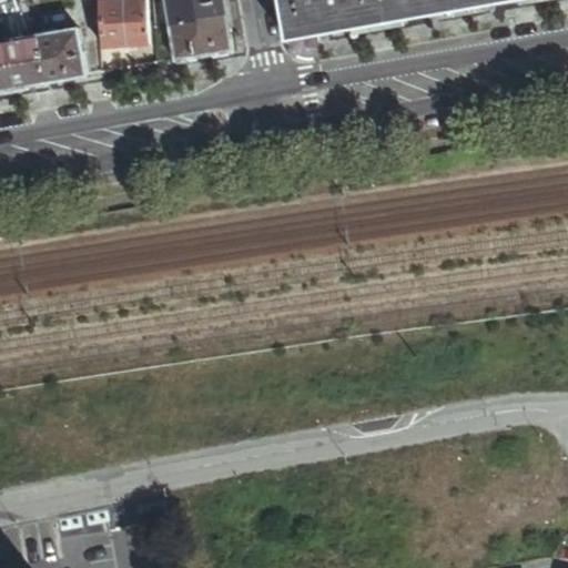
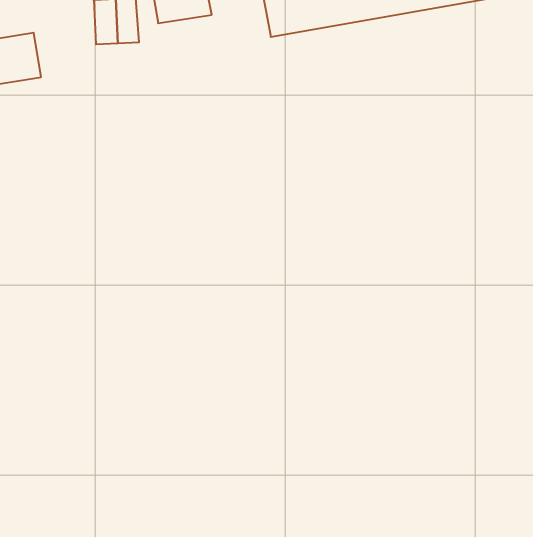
building: [166,16,230,59] -> none
building: [36,27,84,81] -> none

